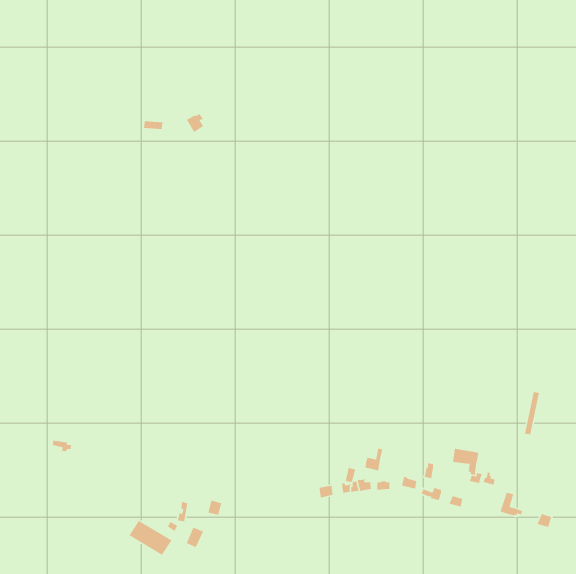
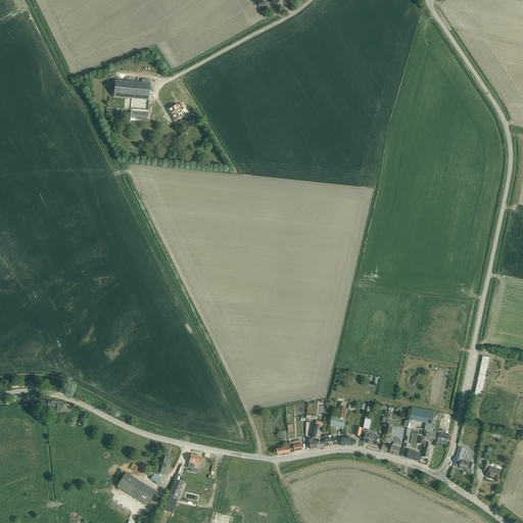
building: none -> [113,79,151,99]

